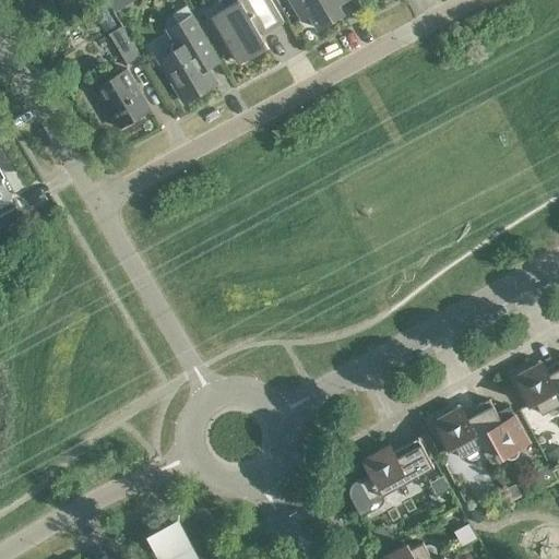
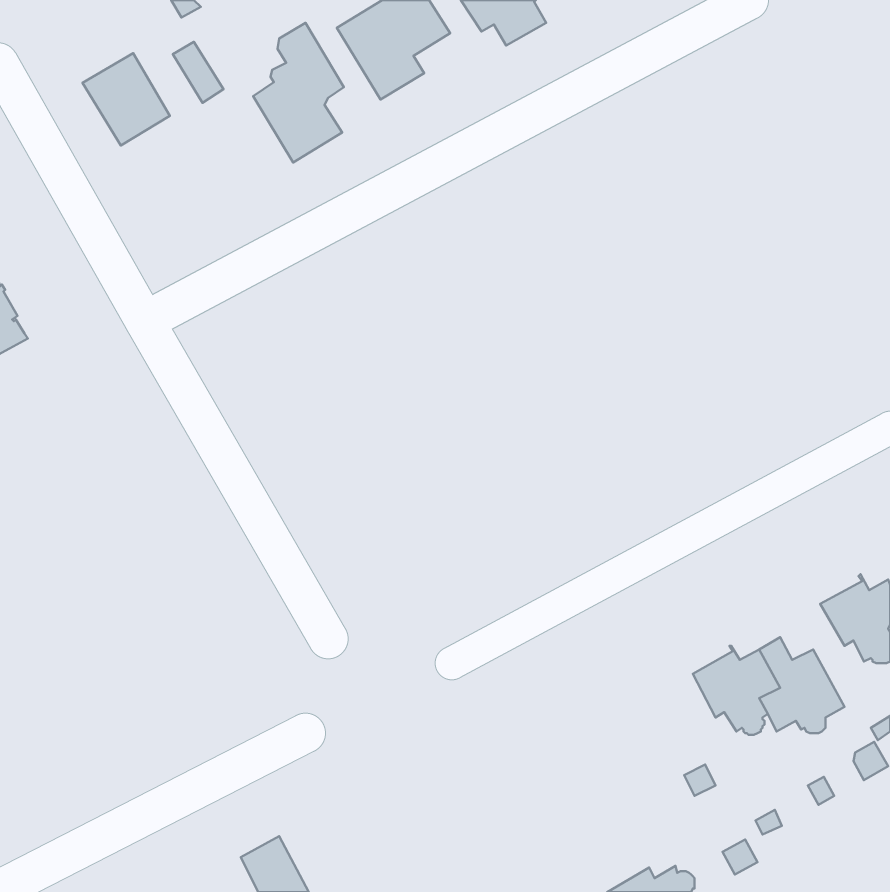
building: [94,70,148,128] -> [83,53,170,146]
building: [347,438,432,516] -> none

